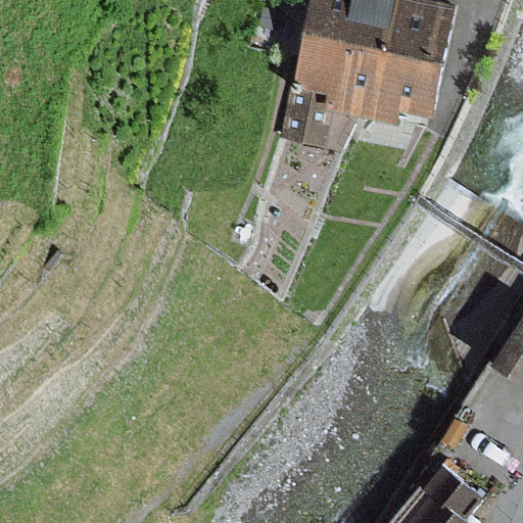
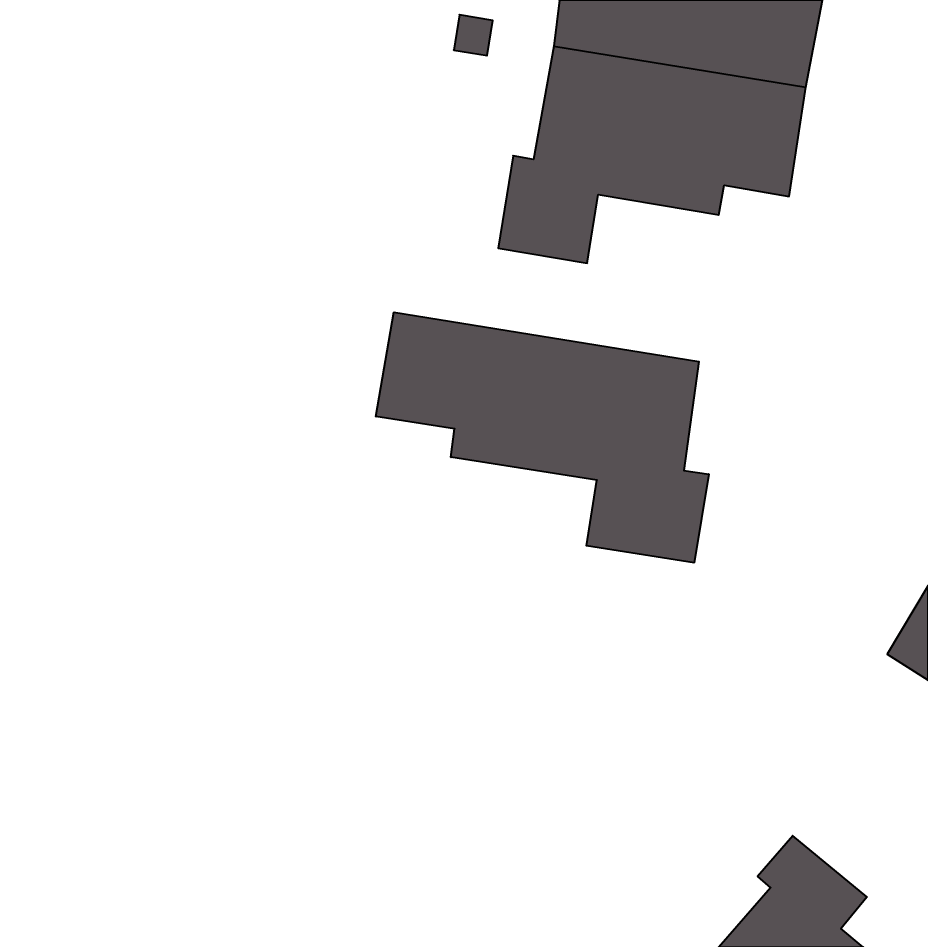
building: none -> [376,312,709,563]

